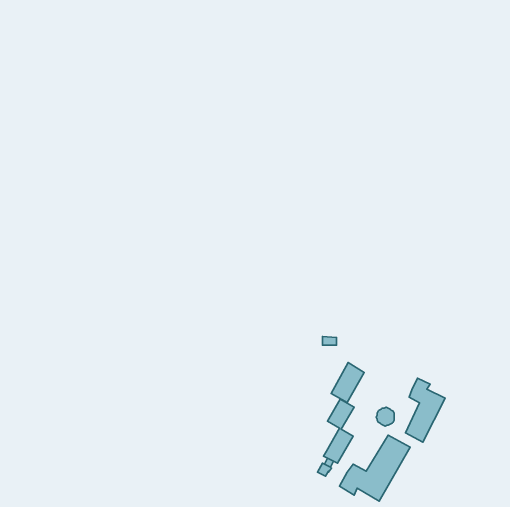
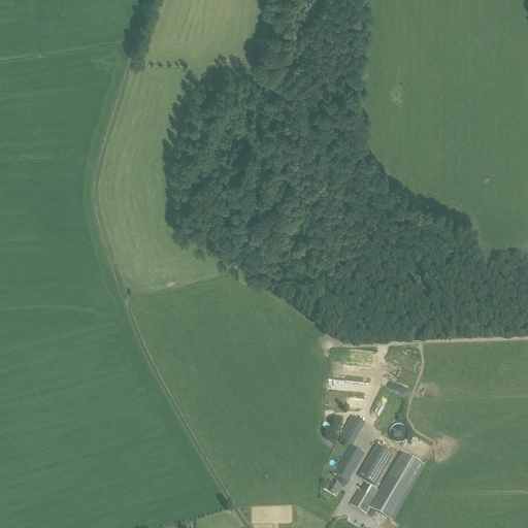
building: [331,363,364,403] -> [359,442,393,484]
building: [405,378,445,442] -> none

